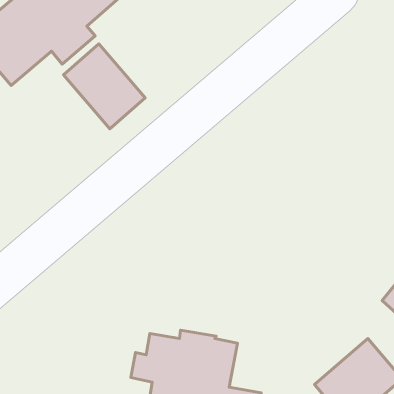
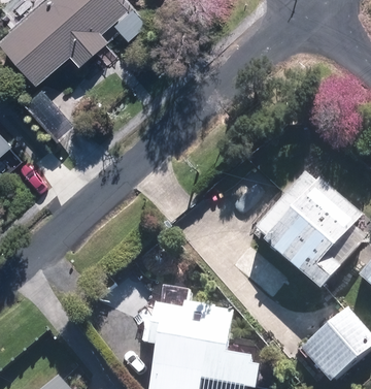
building: [64,44,145,129] -> none
building: none -> [258,168,363,287]

